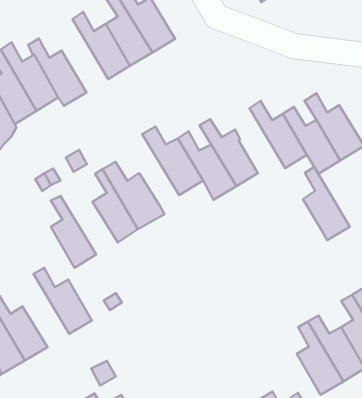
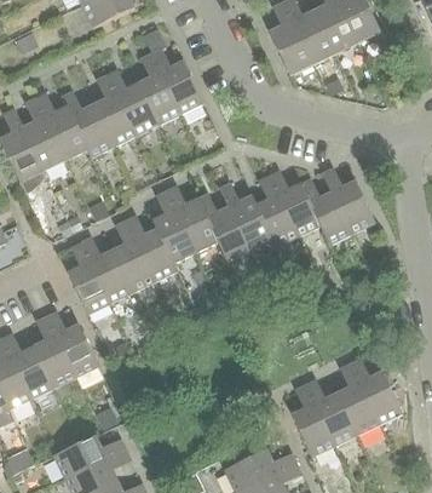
building: none -> [93,74,136,145]
building: none -> [151,190,194,260]
building: [303,167,350,240] -> [255,174,298,246]
building: none -> [80,236,131,302]
building: none -> [34,315,76,386]

